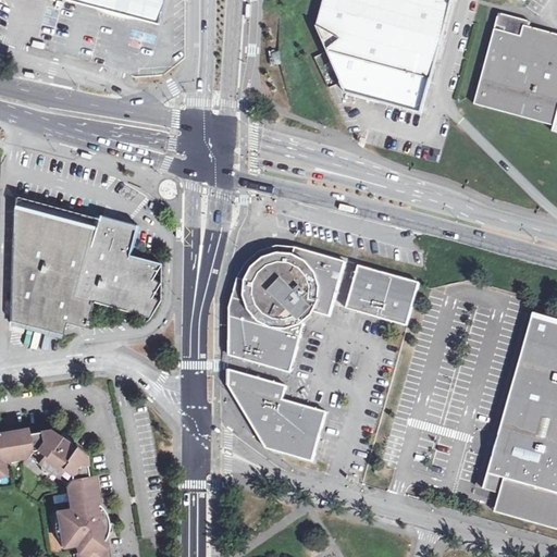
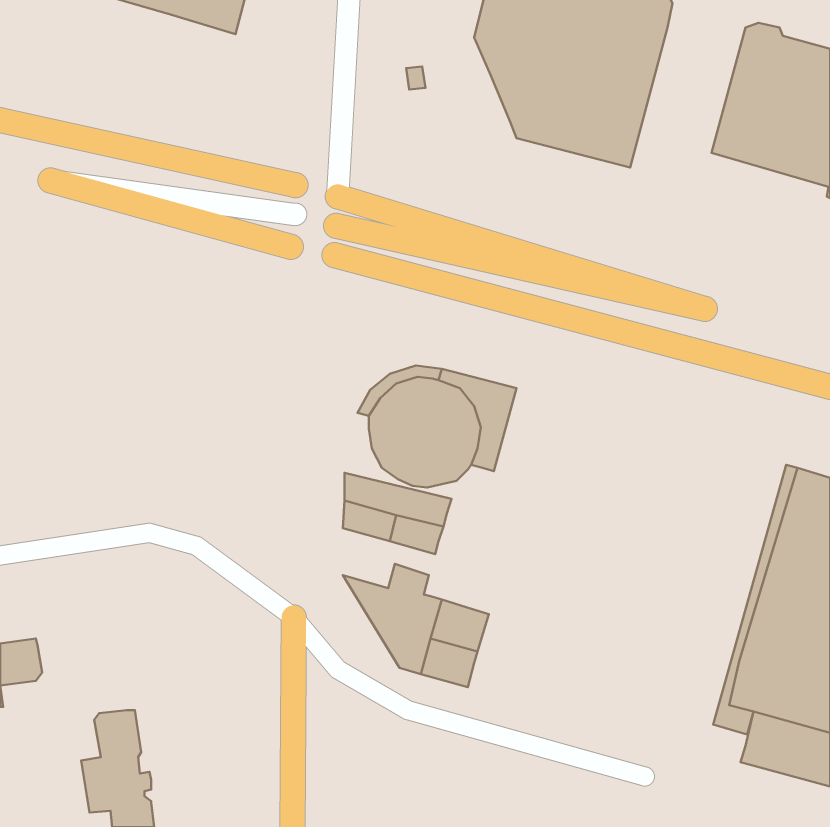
building: [11,206,161,333] -> none
building: [347,264,421,324] -> none
building: [231,276,306,334] -> none
building: [230,368,264,394] -> none
building: [25,429,85,478] -> none

